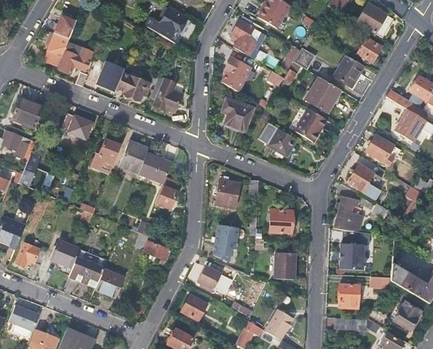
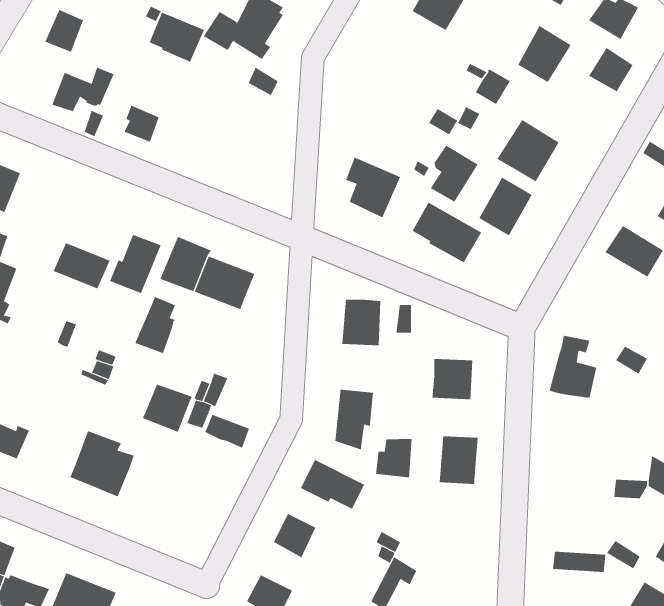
building: [229,19,255,52] -> none
building: [44,34,70,66] -> none
building: [334,55,364,87] -> [518,25,572,83]
building: [222,58,249,90] -> [430,145,478,202]
building: [117,73,148,101] -> [149,12,205,62]
building: [151,77,182,113] -> none
building: [60,114,92,140] -> [53,243,111,289]
building: [348,163,382,199] -> none
building: [155,178,178,210] -> [135,296,176,354]
building: [340,230,370,270] -> none
building: [51,241,80,269] -> none
building: none -> [376,438,412,478]
building: [95,270,123,297] -> [142,384,192,433]
building: [339,284,359,308] -> none
building: [267,310,295,340] -> none

